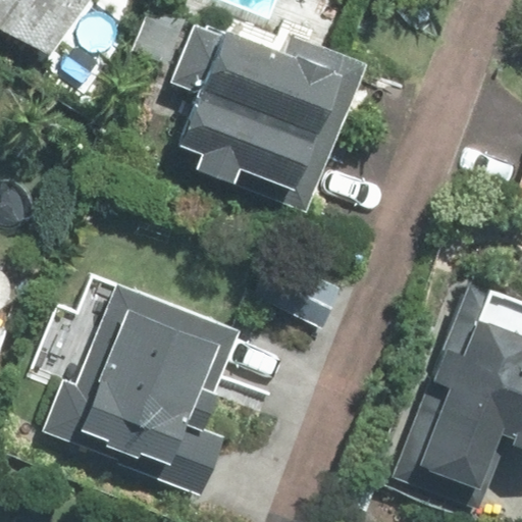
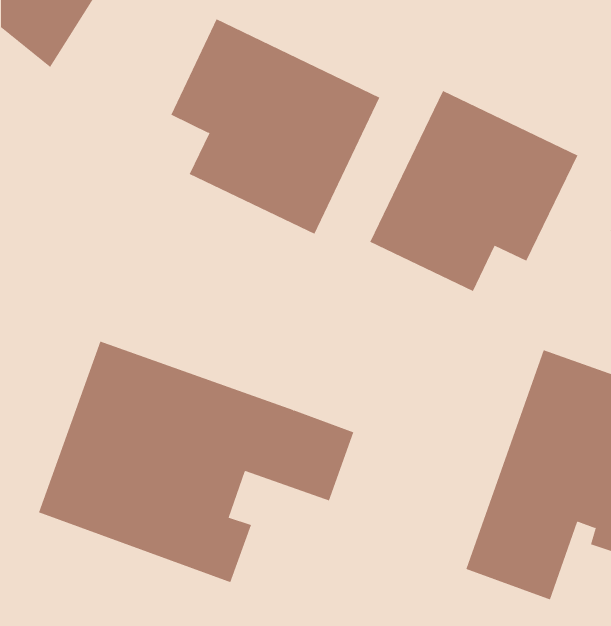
building: none -> [370,90,578,292]

